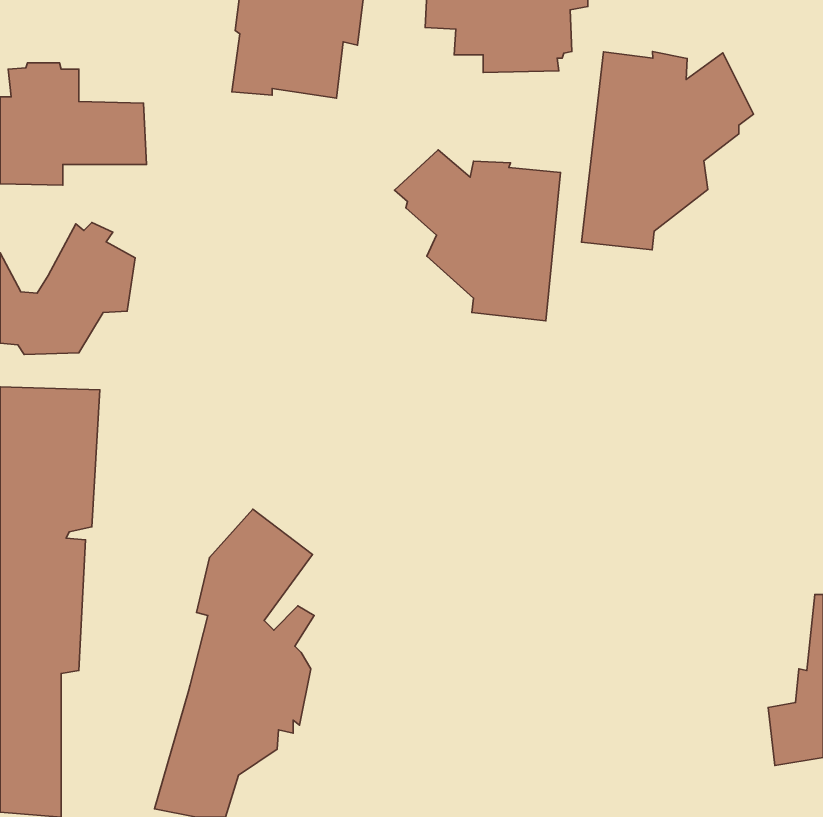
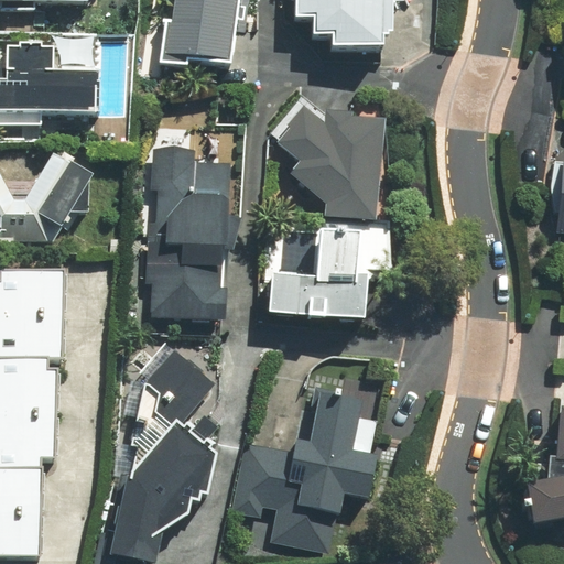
building: [581,52,754,250] -> none
building: none -> [142,147,239,322]
building: none -> [268,219,391,321]
building: none -> [231,382,377,552]

